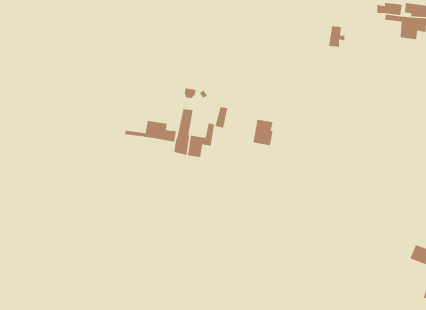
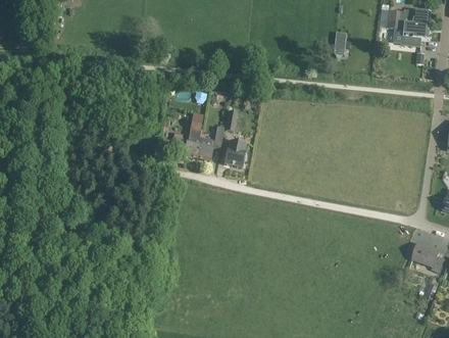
building: [252,119,274,146] -> [223,140,244,166]
building: [124,120,177,142] -> none

